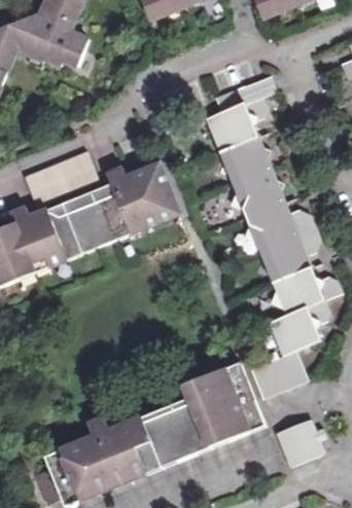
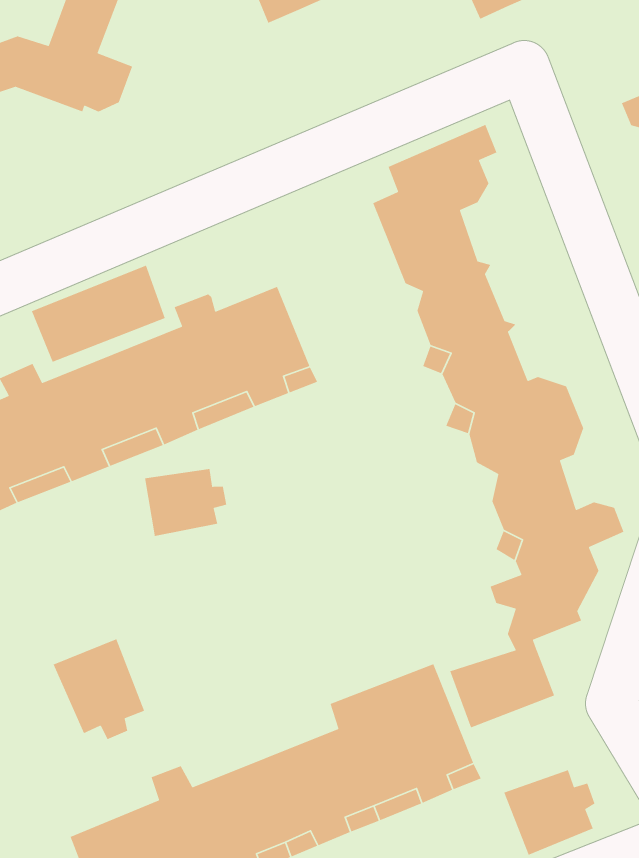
building: none -> [144,468,227,537]
building: none -> [52,638,145,740]

